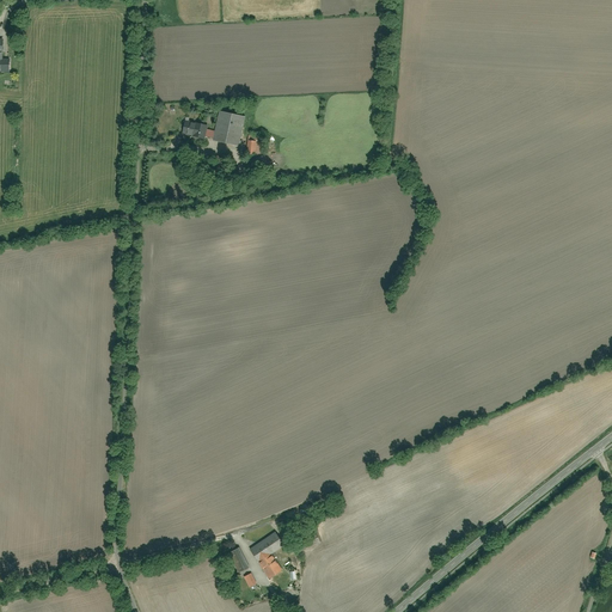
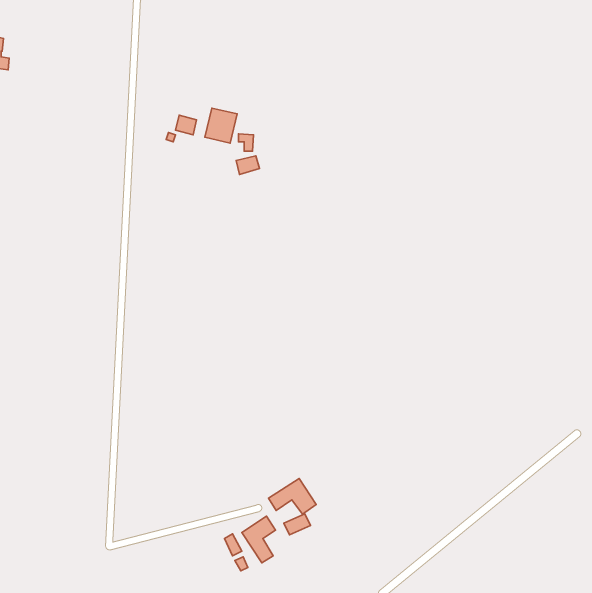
building: none -> [269,478,316,514]

